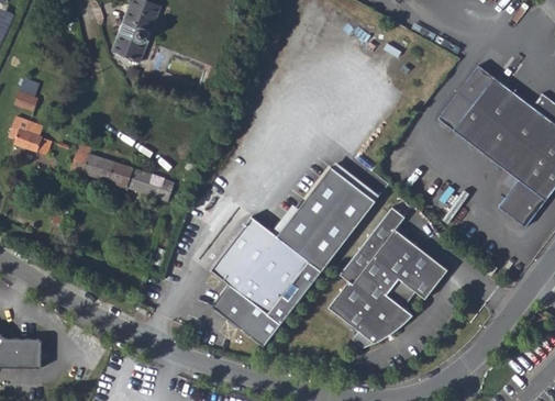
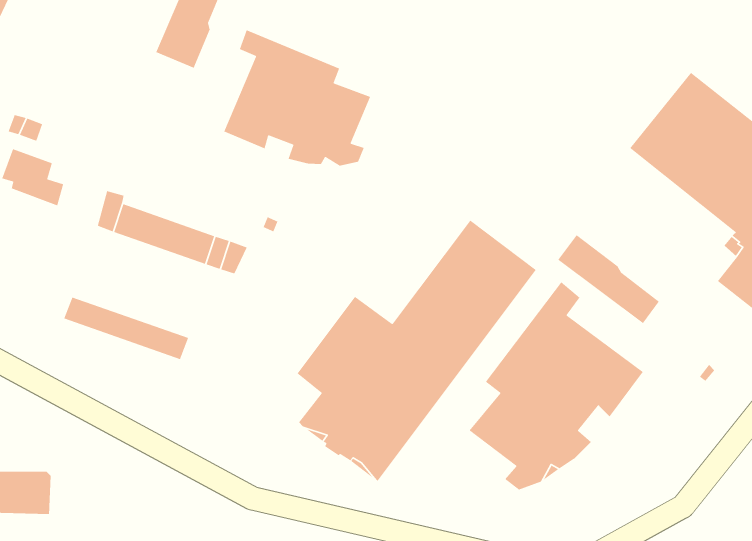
building: none -> [223,29,371,166]
building: none -> [557,234,660,324]
building: none -> [63,296,189,360]

